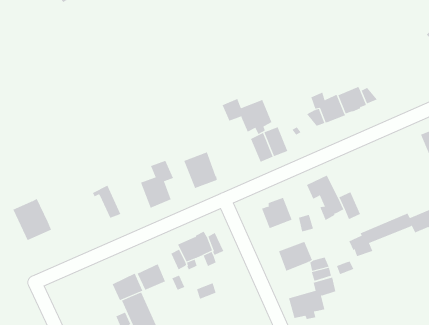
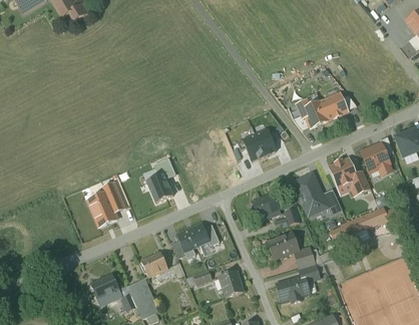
building: [222,98,272,135] -> none
building: none -> [362,142,390,170]
building: [184,151,217,189] -> none
building: none -> [328,157,367,195]
building: [13,198,52,241] -> [85,191,120,229]
building: [112,273,143,301] -> [91,274,119,299]
building: none -> [220,270,244,296]

